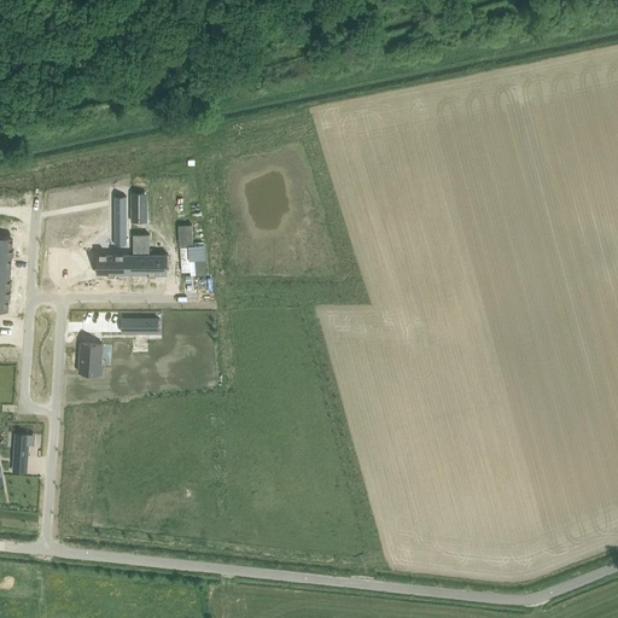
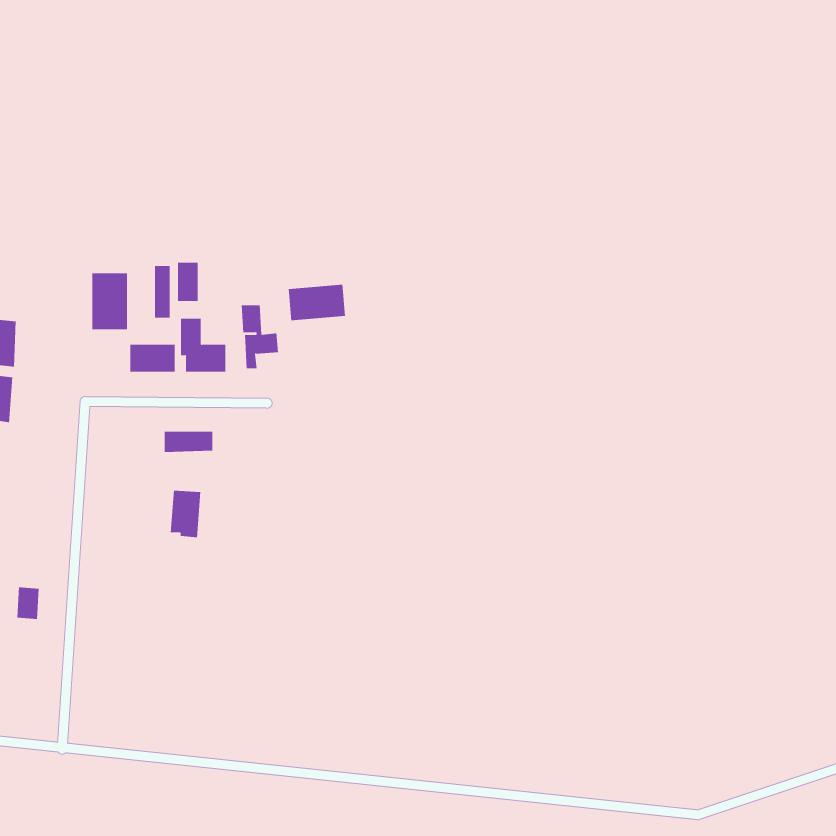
building: none -> [92,273,127,330]
building: none -> [288,284,345,321]
building: [78,343,101,378] -> [170,490,201,538]

